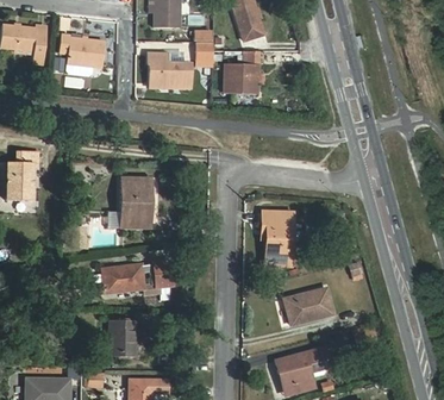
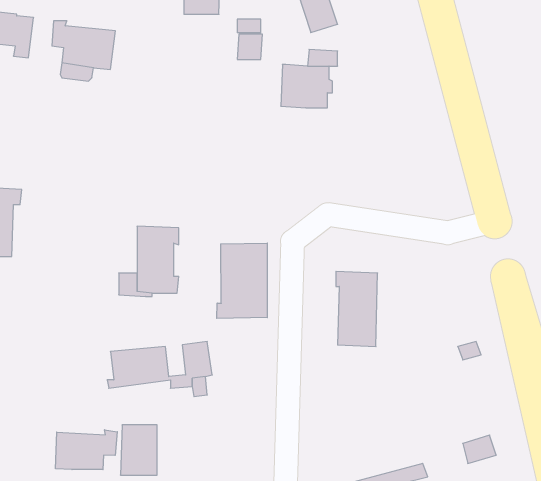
building: [148,54,189,87] -> none
building: none -> [217,243,267,318]
building: [283,287,333,325] -> none
building: none -> [56,430,117,470]

